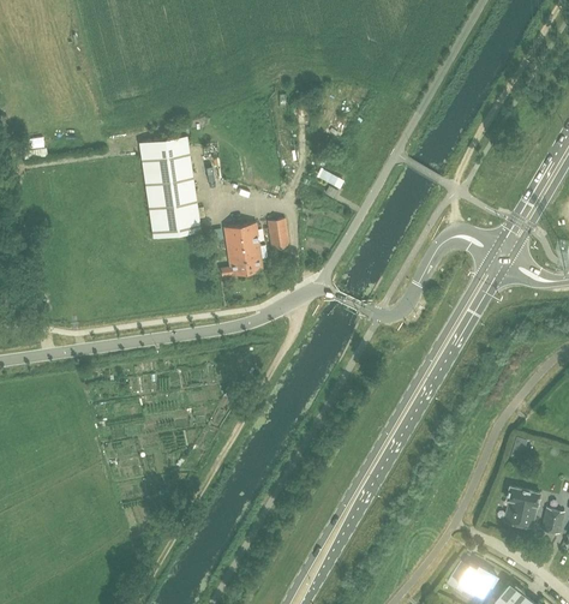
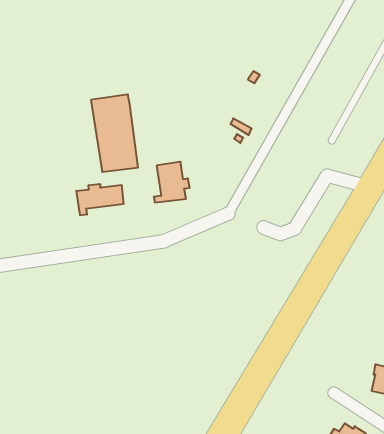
building: [266,219,289,250] -> none
building: none -> [76,184,123,215]

